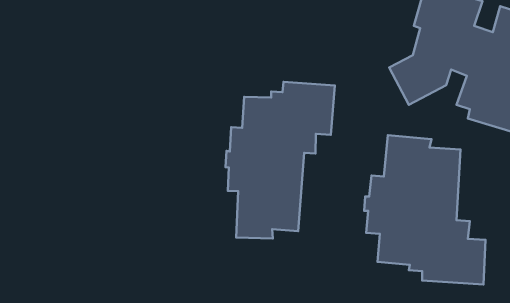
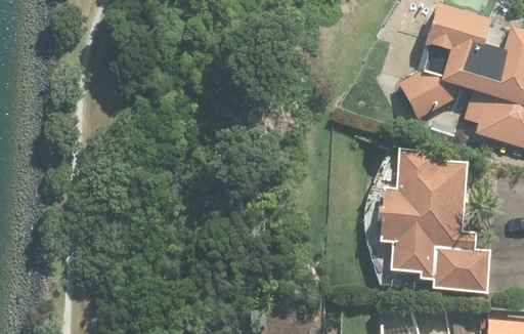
building: [225,82,335,239] -> none

